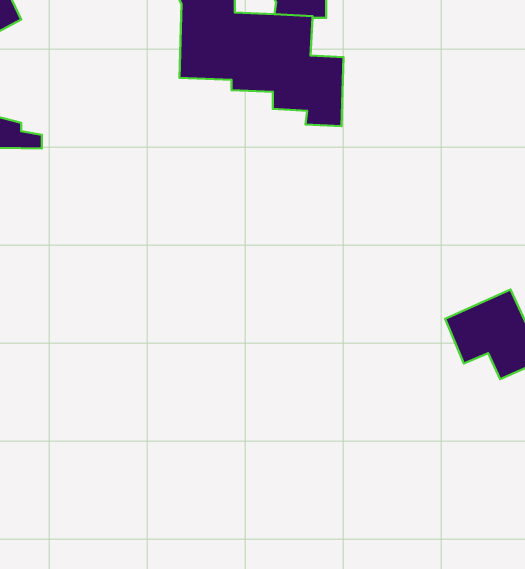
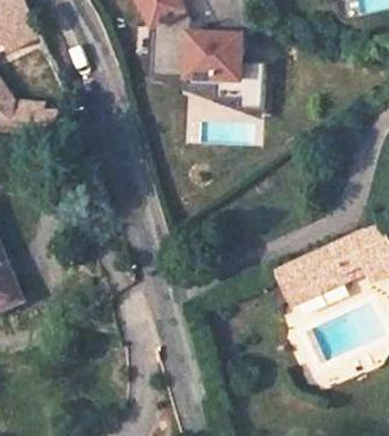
building: none -> [279,242,346,302]

